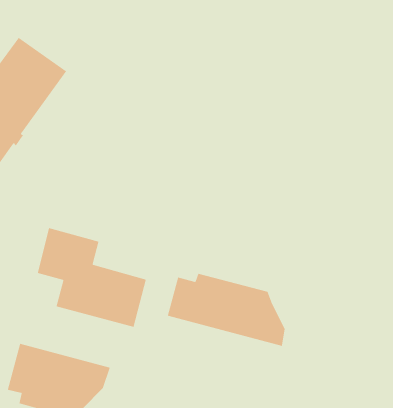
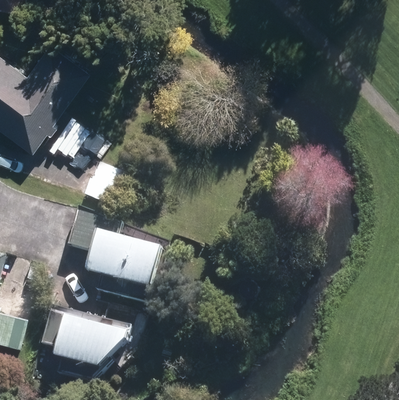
building: [167,273,285,347] -> none

